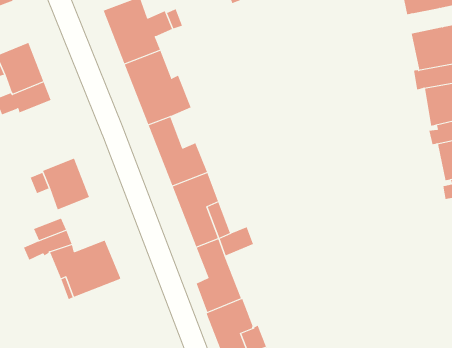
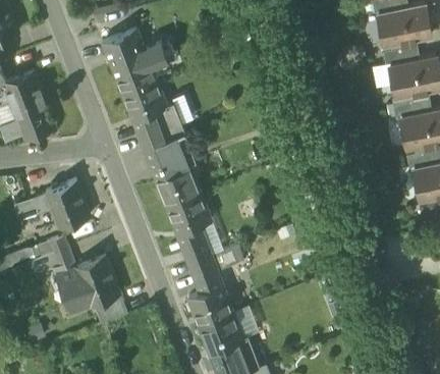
building: none -> [382,40,419,64]
building: none -> [165,132,196,170]
building: none -> [93,292,126,322]

